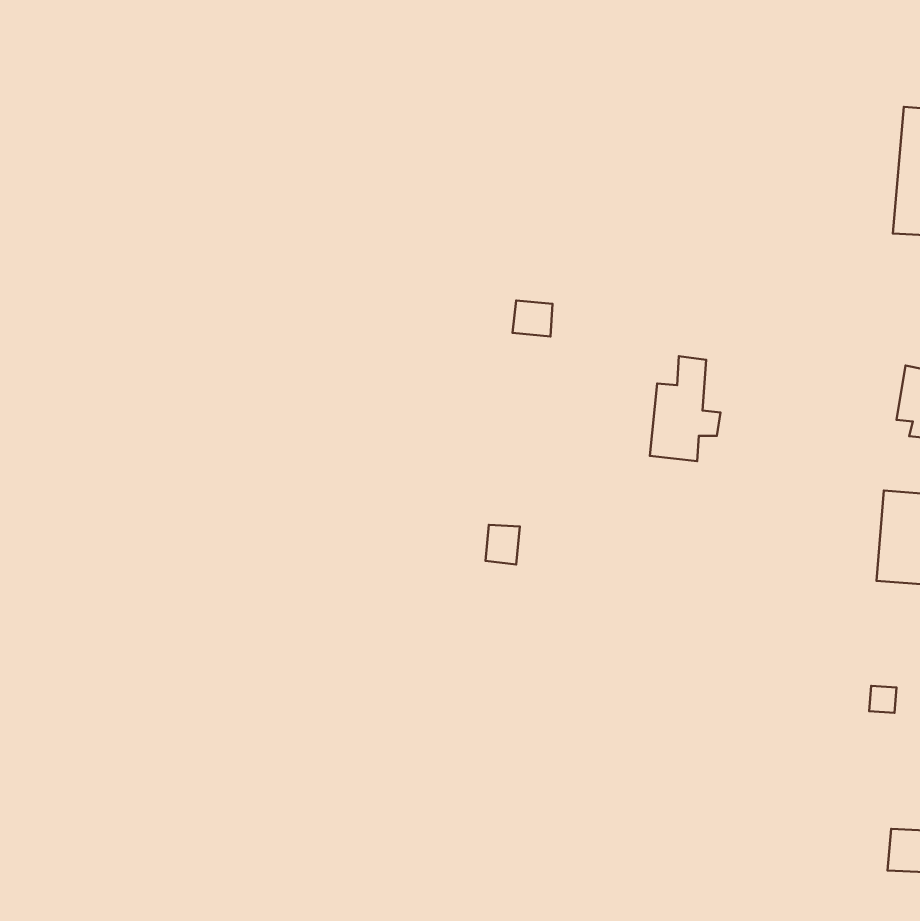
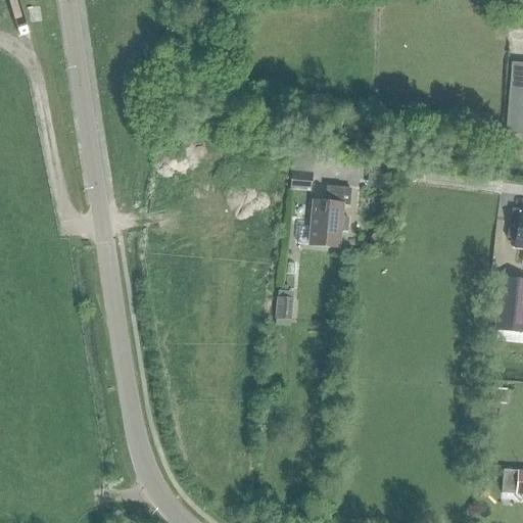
building: [650,356,721,461] -> [312,185,351,244]

